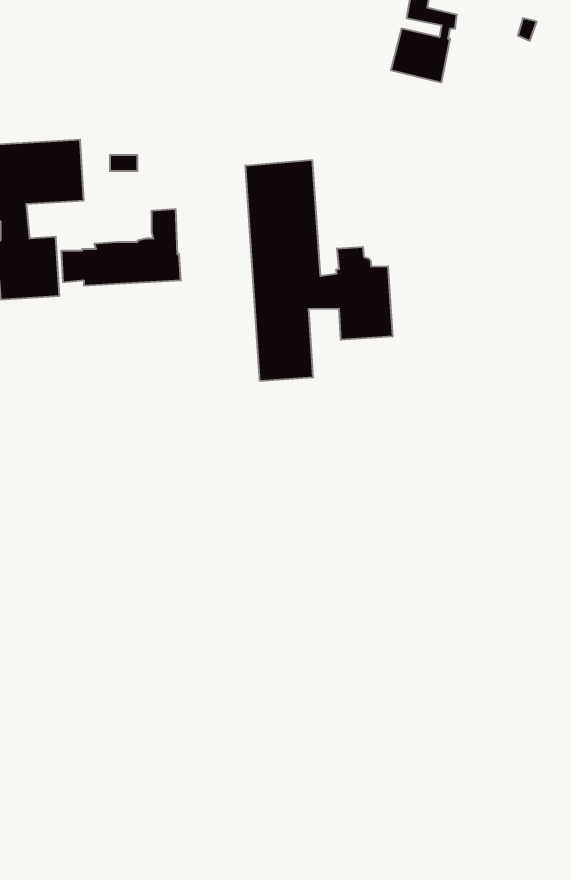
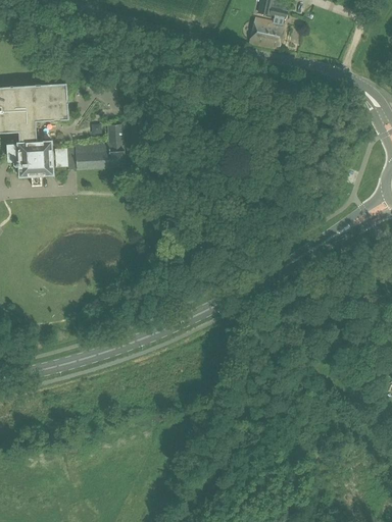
building: [246,160,392,381] -> none

